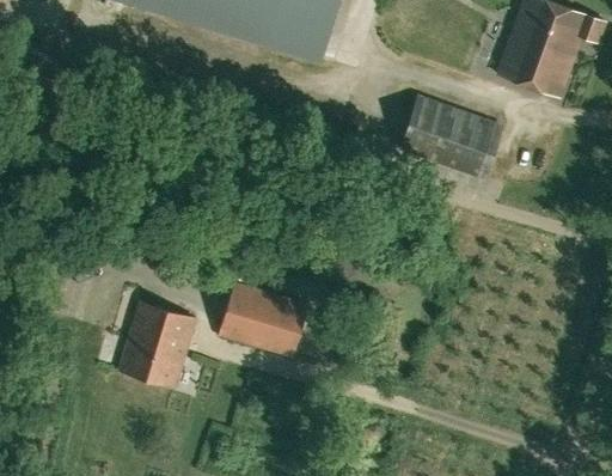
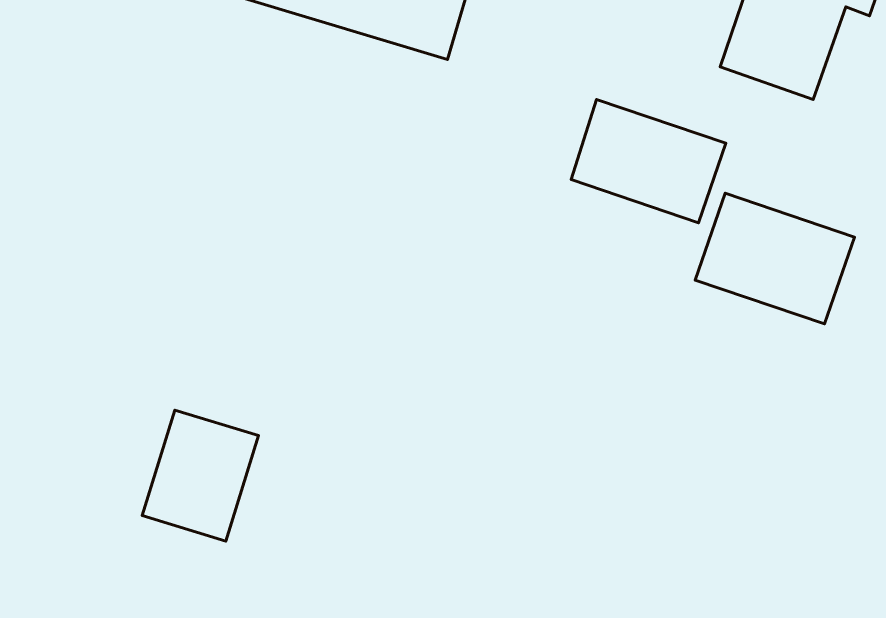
building: none -> [695,193,855,324]
building: [218,280,307,355] -> none

